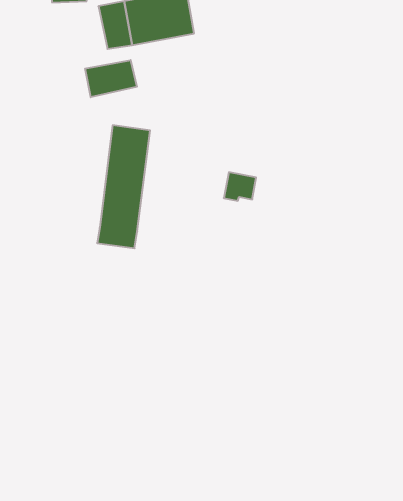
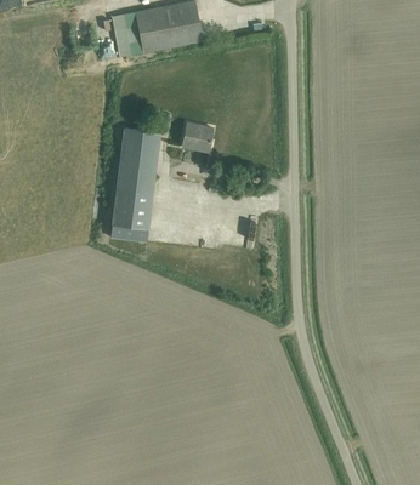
building: [85,60,137,97] -> none
building: [224,172,256,201] -> [181,122,211,149]

